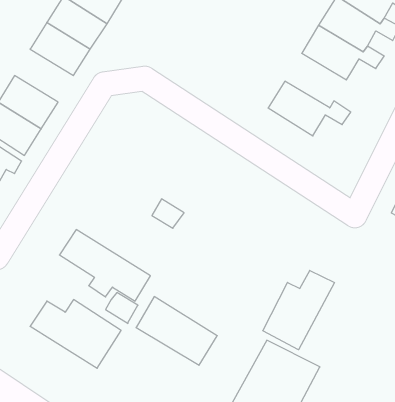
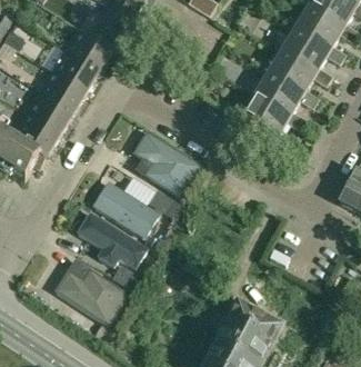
building: none -> [40,68,87,110]
building: none -> [254,71,320,115]
building: none -> [131,129,199,187]
building: [263,270,334,350] -> none
building: [136,297,217,365] -> [92,179,157,234]

